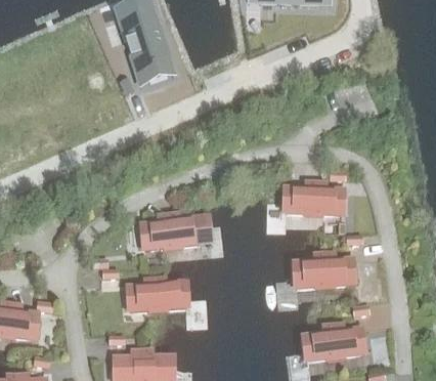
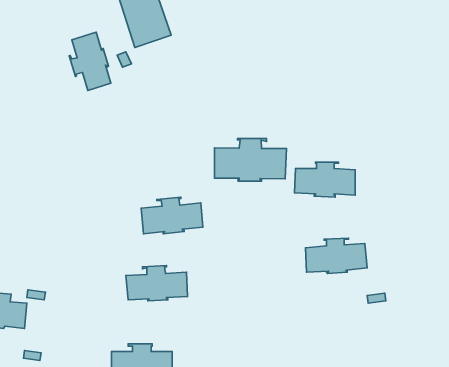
building: none -> [69,32,111,90]
building: none -> [214,139,286,181]
building: [305,325,363,359] -> none

